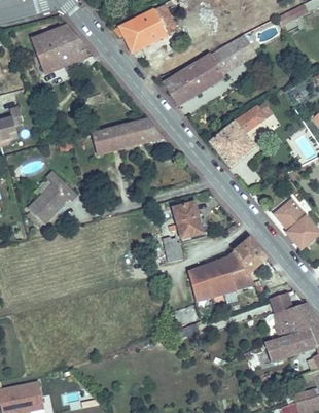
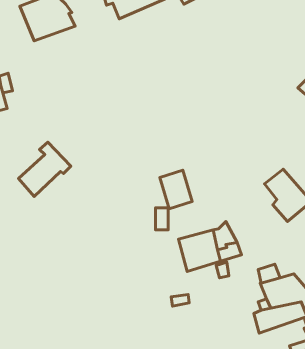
building: [162,37,255,106] -> none
building: [208,108,265,170] -> none
building: [93,118,161,152] -> none
building: [236,239,262,271] -> none

